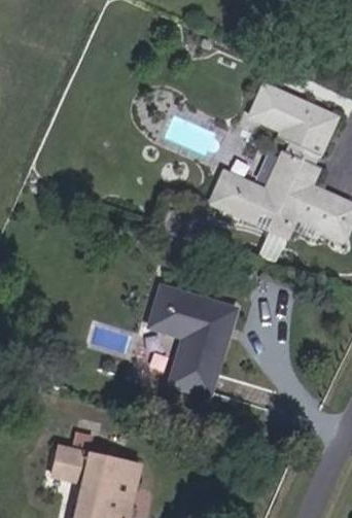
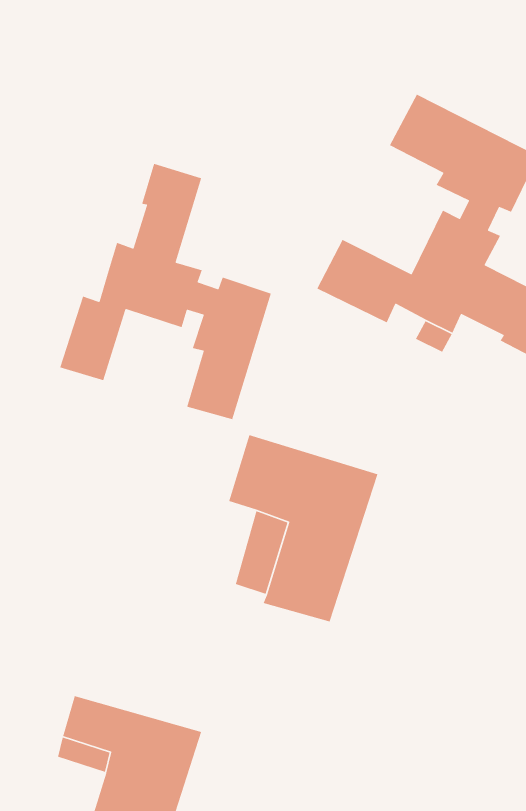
building: none -> [59,163,272,420]

